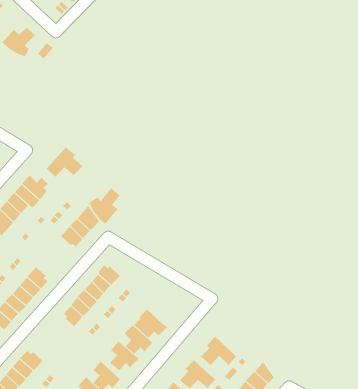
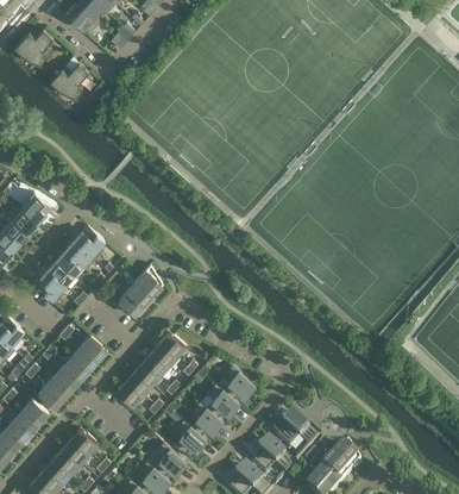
building: [46,146,83,177] -> none
building: [89,187,120,224] -> none
building: none -> [222,365,254,400]

